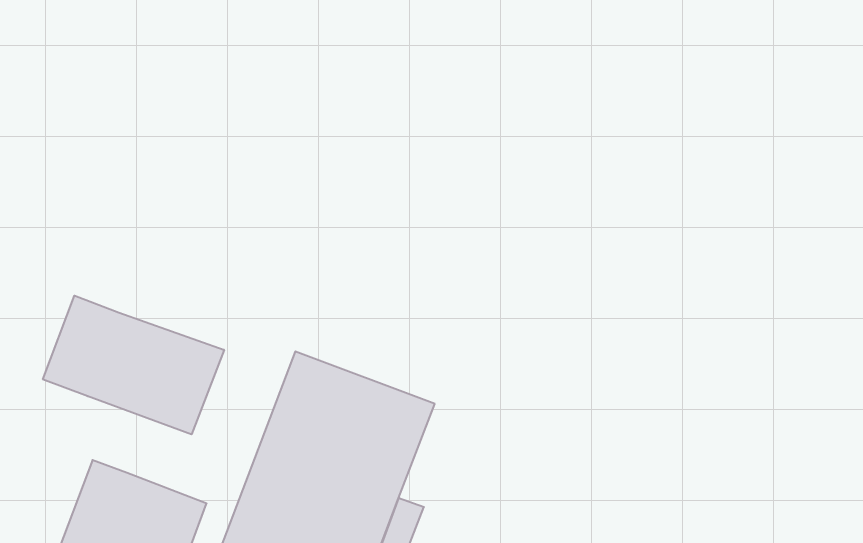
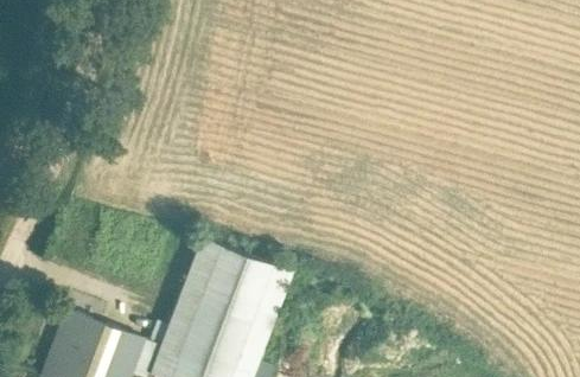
building: [43,296,224,434] -> none

